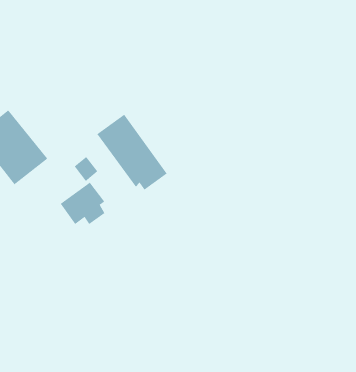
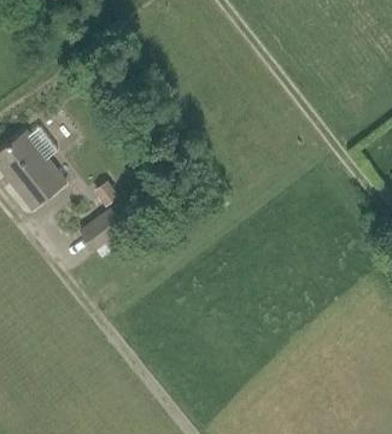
building: [96,114,167,191] -> none

